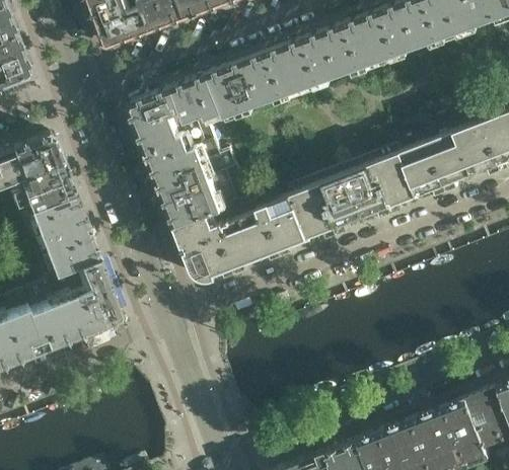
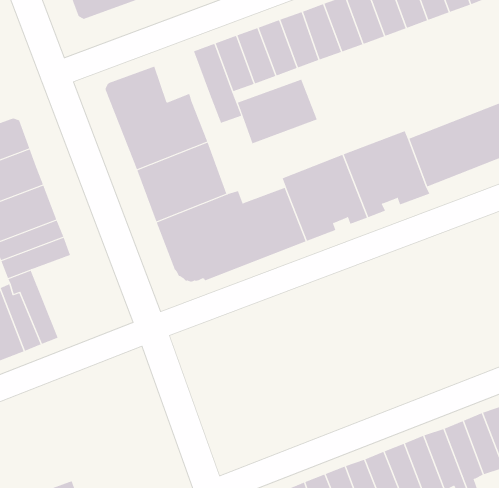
building: [174,74,223,120] -> none
building: none -> [237,79,318,144]
building: [64,256,121,330] -> none

